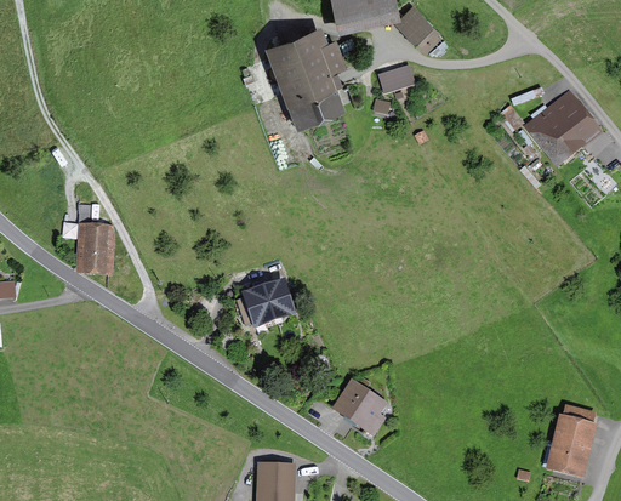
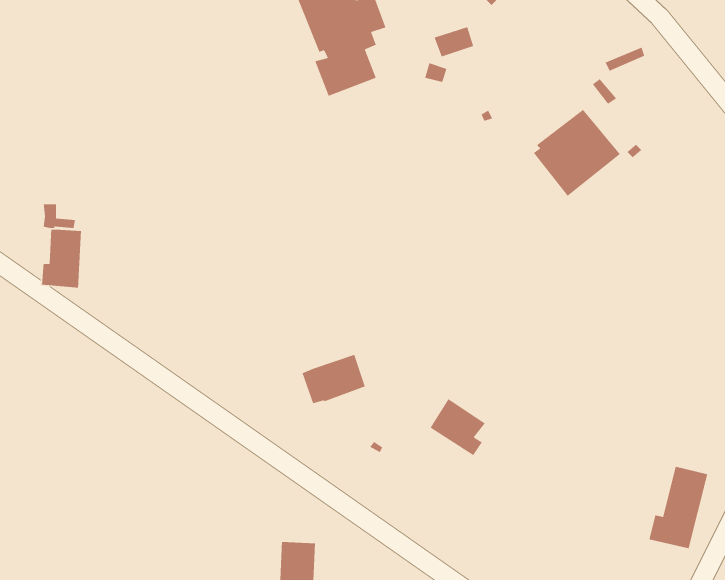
building: [530,93,598,161] -> [533,109,621,197]
building: [239,286,289,325] -> [301,354,366,404]
building: [337,386,381,431] -> [429,398,486,456]

